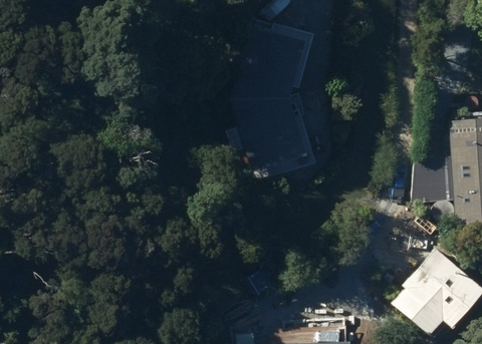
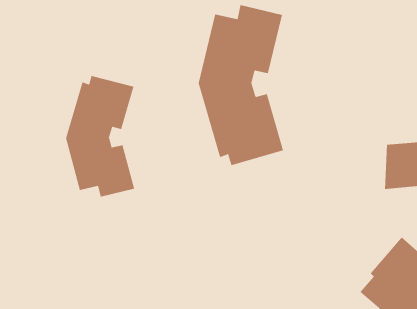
building: none -> [66,75,135,197]

